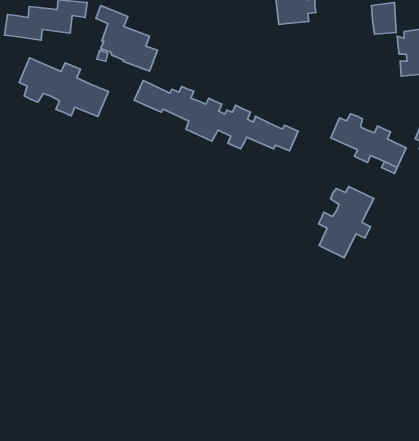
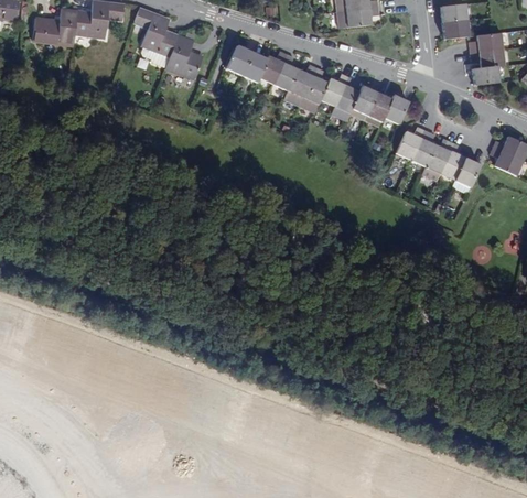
building: [19,58,108,116] -> none
building: [134,80,298,151] -> [227,45,409,123]
building: [318,186,374,258] -> none

